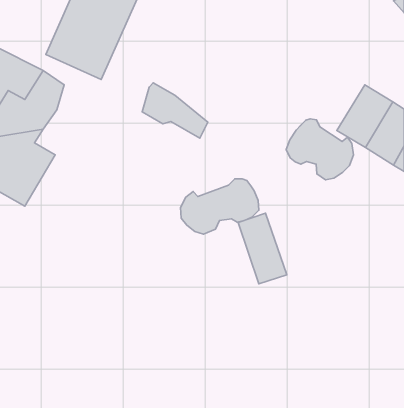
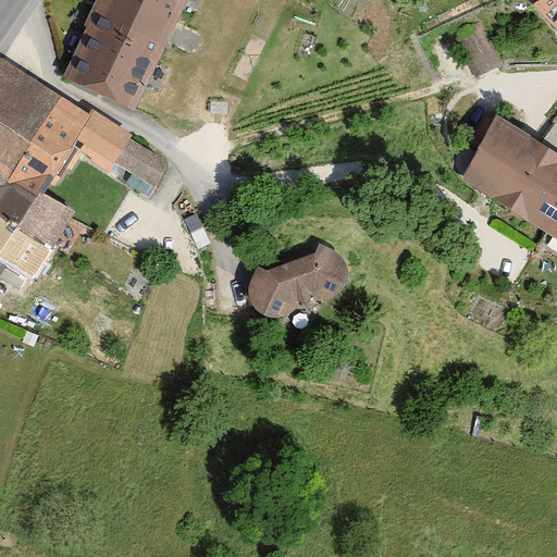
building: [142,83,208,138] -> [77,110,166,185]
building: [286,119,353,180] -> none
building: [238,213,287,284] -> none

